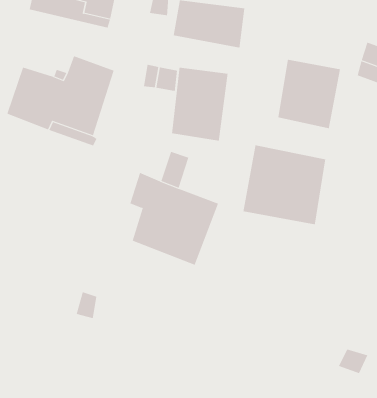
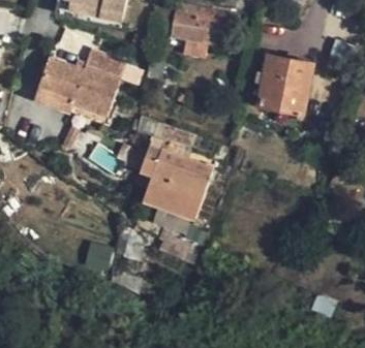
building: [172,67,228,141] -> none
building: [243,144,326,225] -> none

